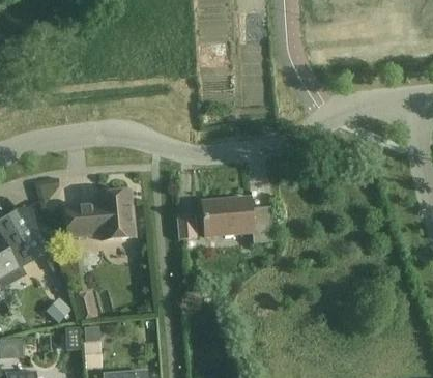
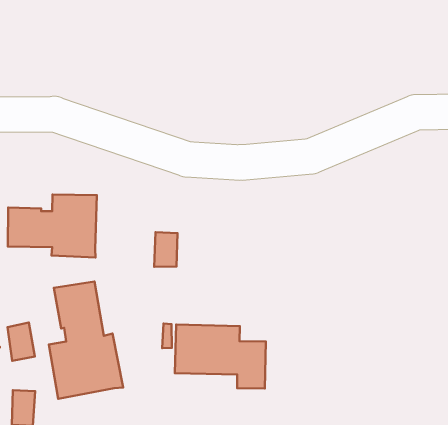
building: [202,197,273,243] -> [175,325,266,389]
building: none -> [49,282,123,399]

